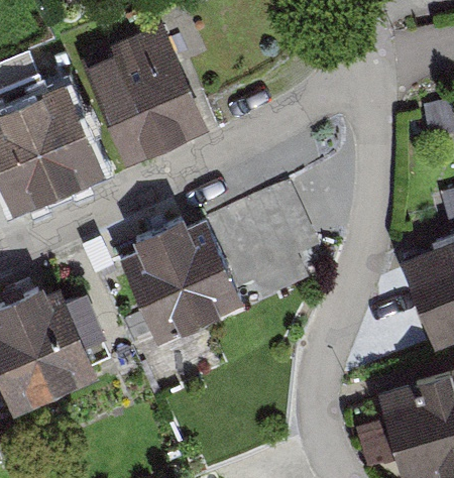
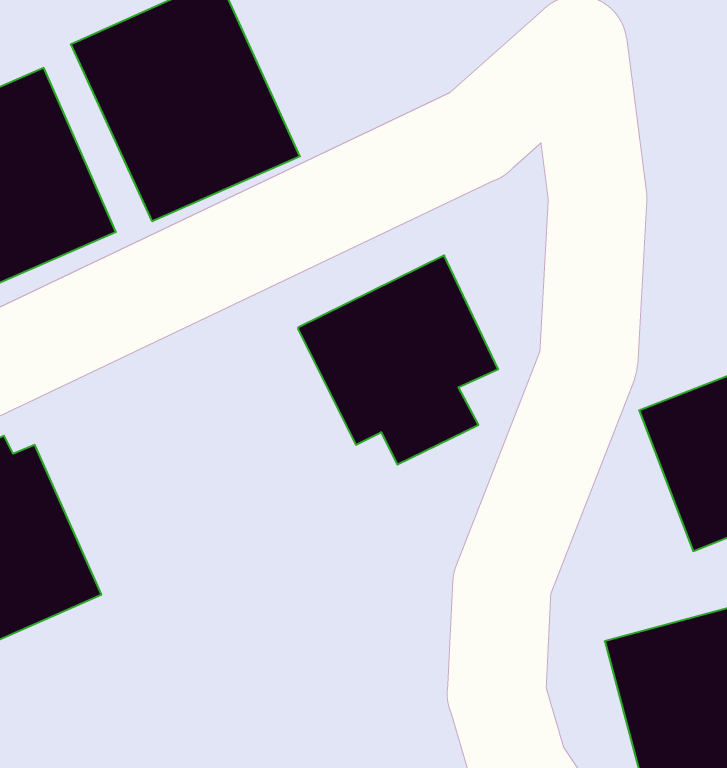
building: [121,219,244,341] -> none

